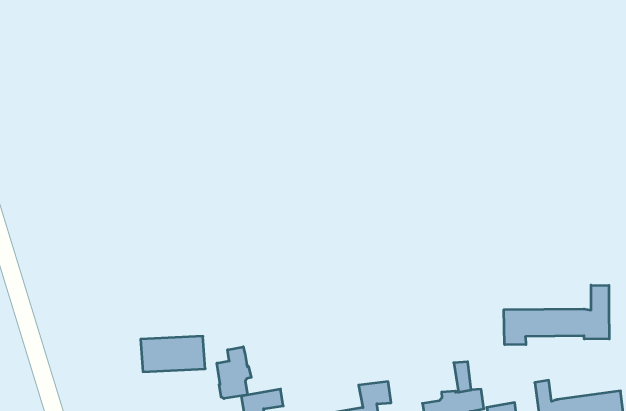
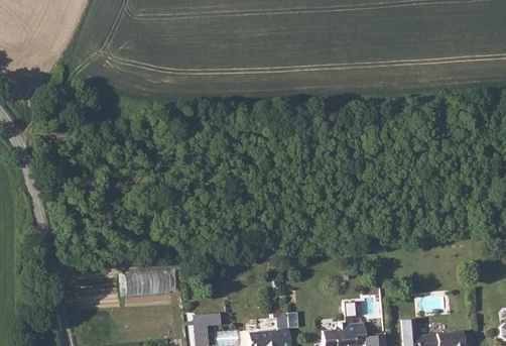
building: [504,285,609,345] -> none
building: [217,347,251,399] -> none

